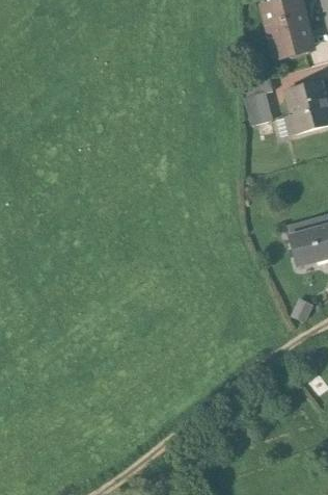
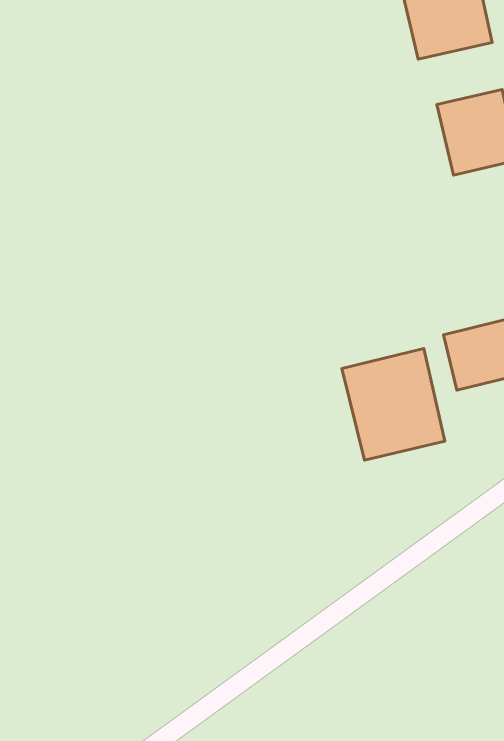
building: [245,94,274,128] -> none
building: none -> [342,349,445,460]

